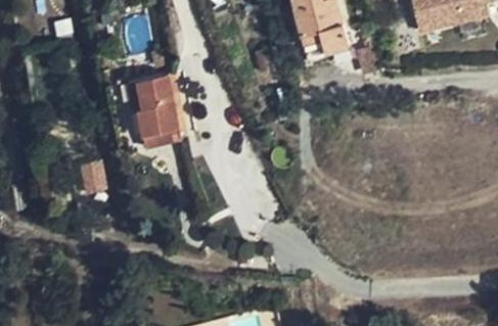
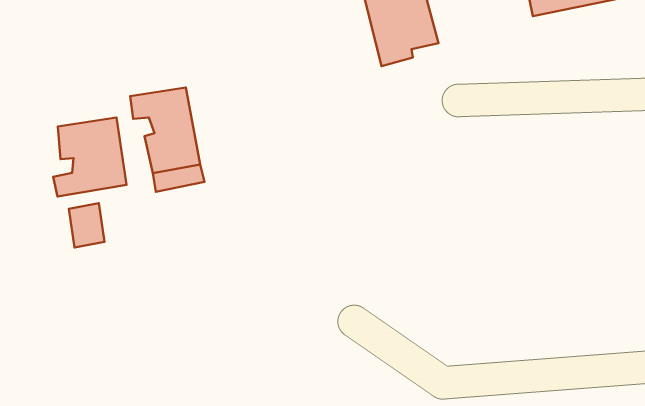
building: none -> [53,118,126,196]

